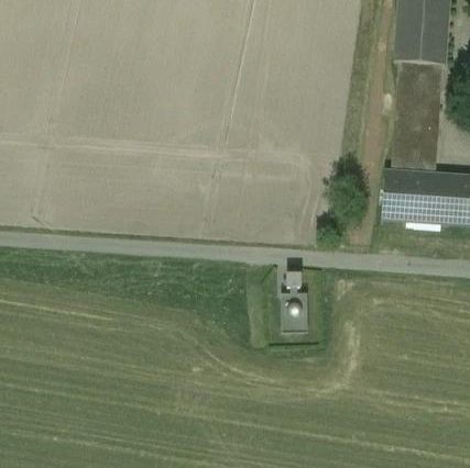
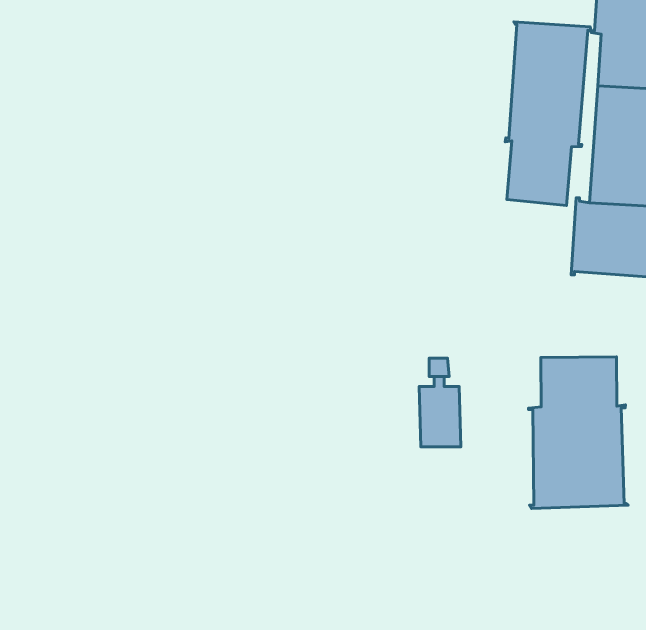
building: none -> [505,22,591,206]
building: none -> [528,357,628,508]

